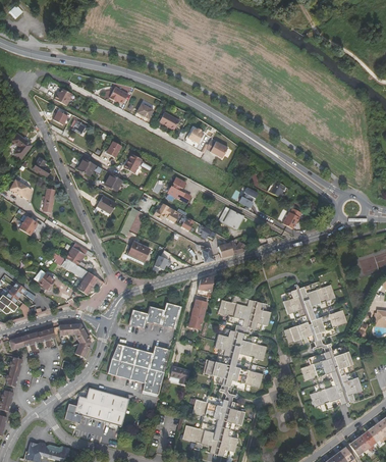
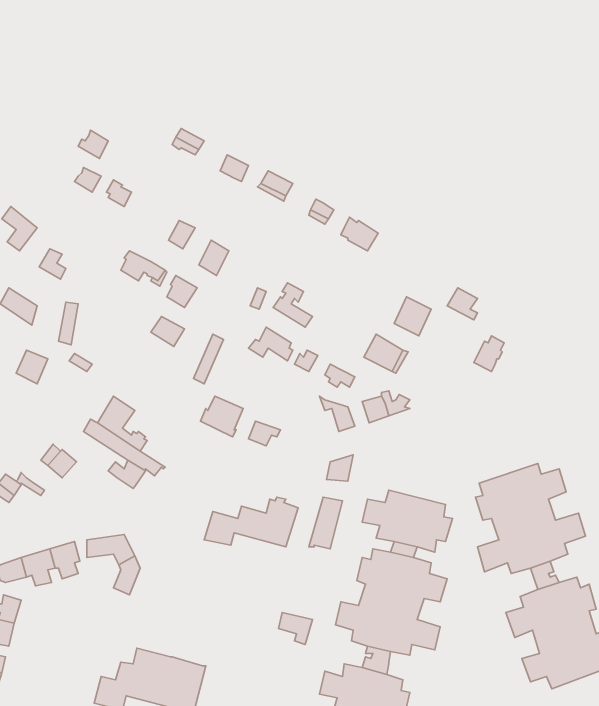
building: [107,343,169,394] -> none

